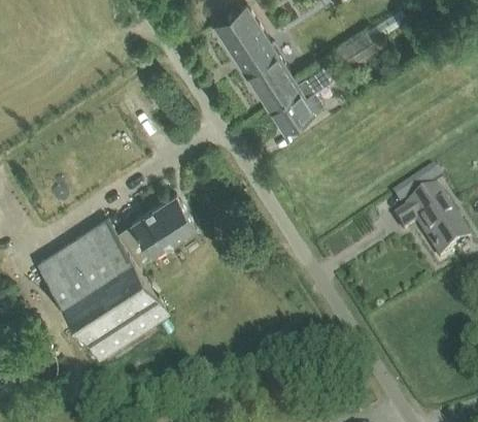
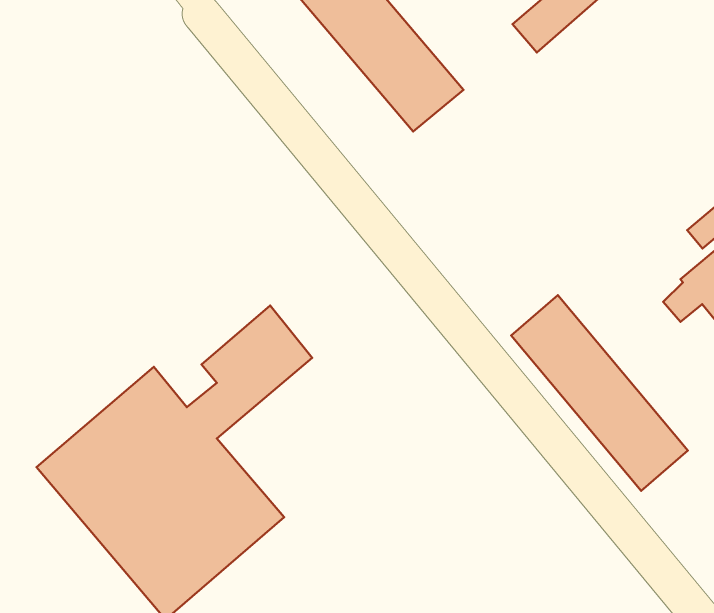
building: [267,66,332,132] -> none
building: none -> [511,295,688,491]

